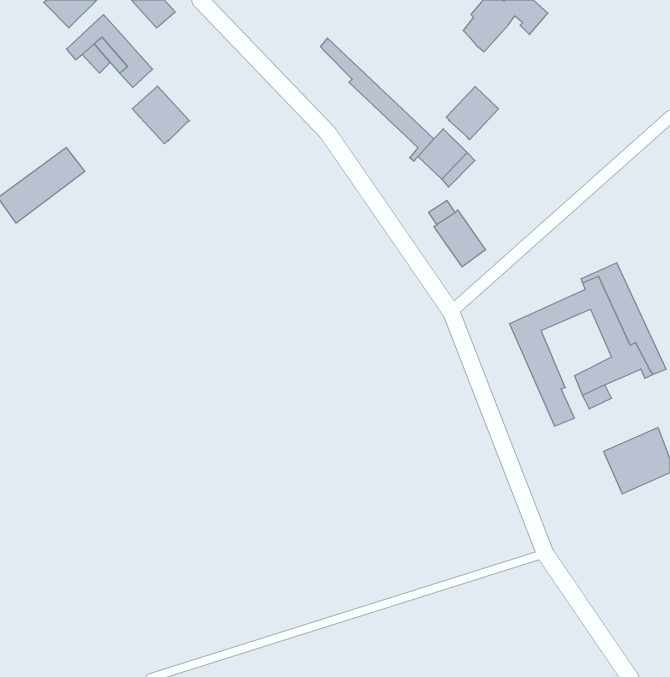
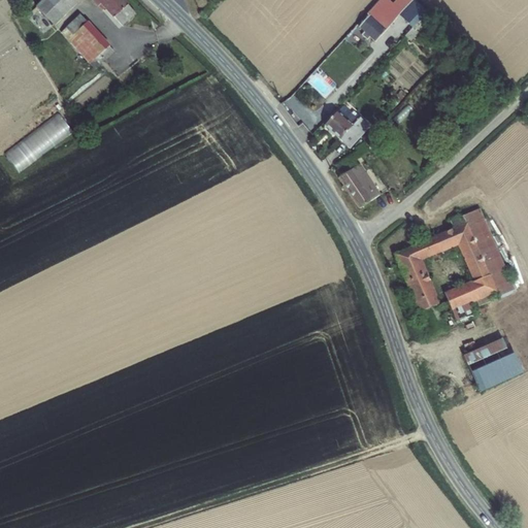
building: [321,38,434,161] -> none
building: [132,86,190,144] -> none
building: [446,87,498,140] -> none

